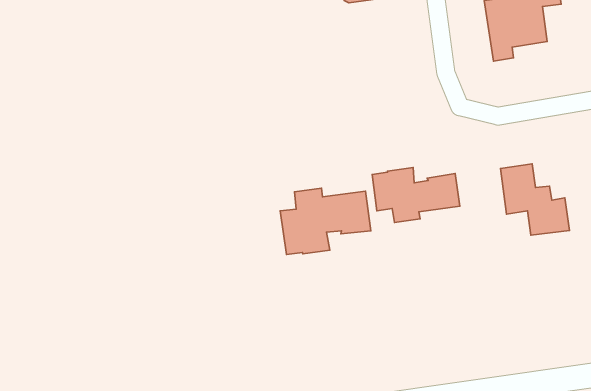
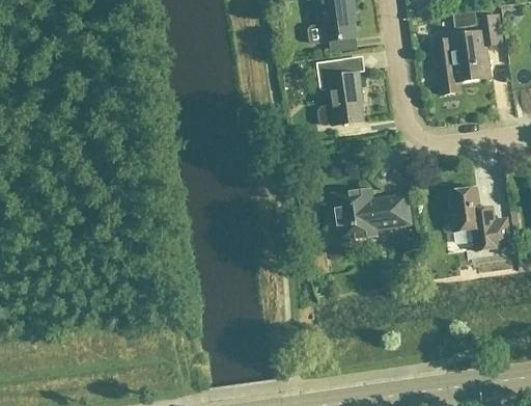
building: none -> [317,58,364,125]
building: [280,188,371,255] -> none

